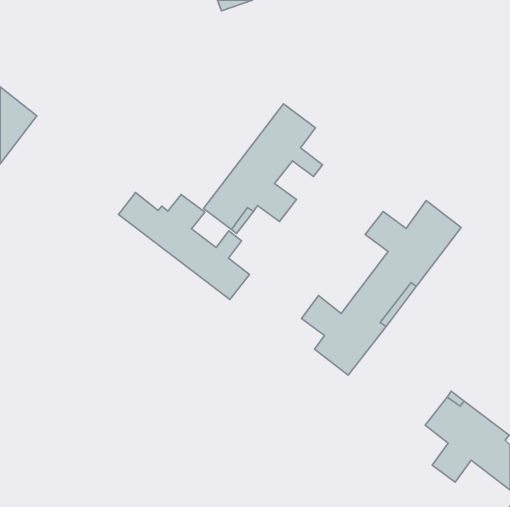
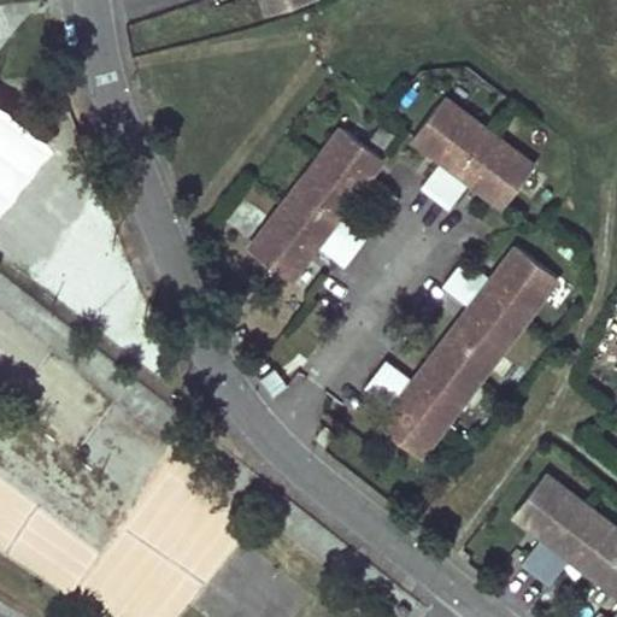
building: none -> [412,99,533,208]
building: [118,193,249,299] -> none

